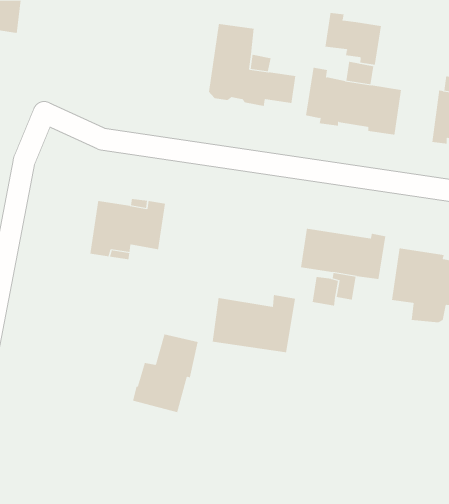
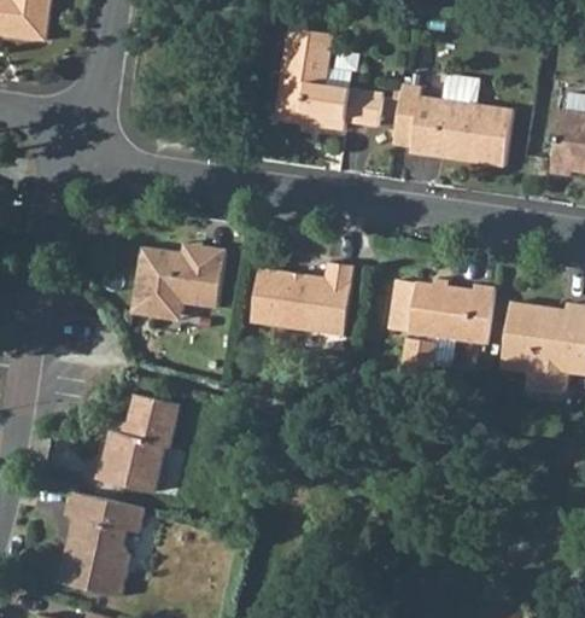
building: [325,12,382,66] -> none
building: [212,295,296,353] -> [252,263,355,334]
building: [132,334,199,413] -> [96,393,177,490]
building: none -> [57,490,141,595]

